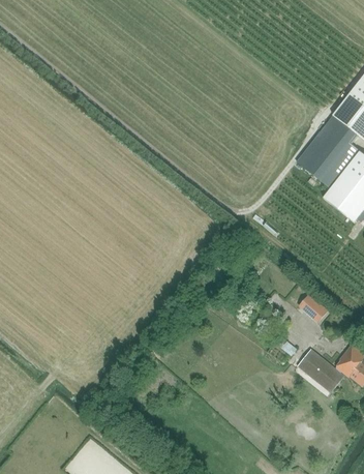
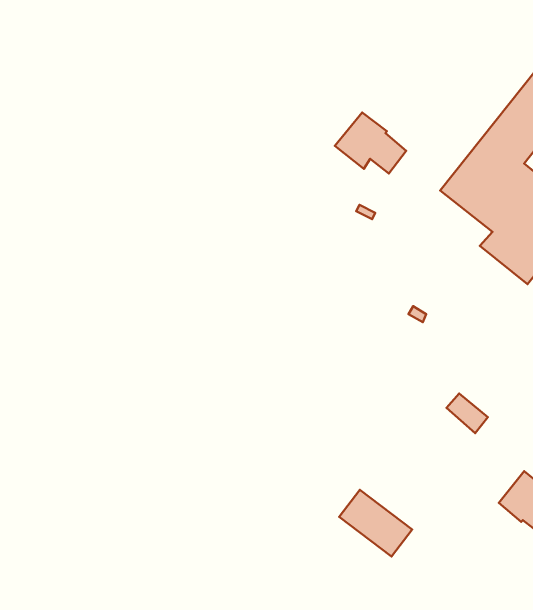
building: none -> [335,112,406,174]
building: [296,349,343,392] -> [339,490,412,557]

